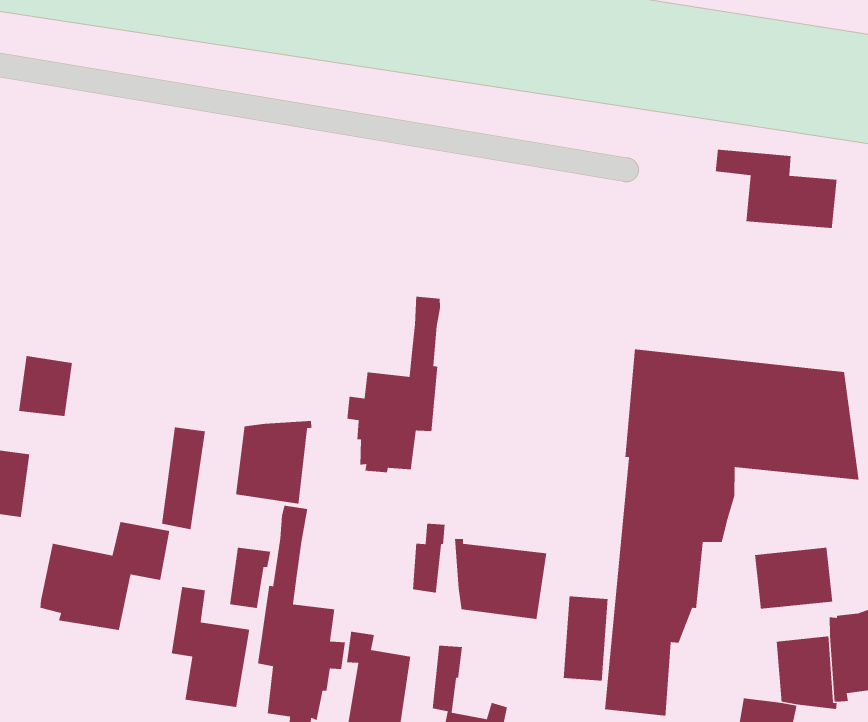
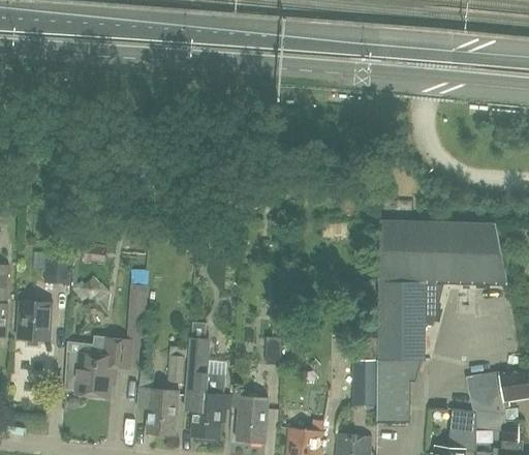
building: [715,149,838,229] -> none
building: [346,296,441,473] -> none
building: [235,420,312,504] -> none
building: [454,538,547,620] -> none
building: [754,547,833,610] -> none

